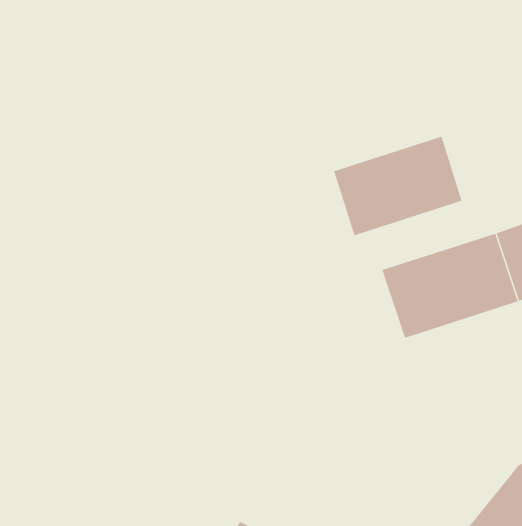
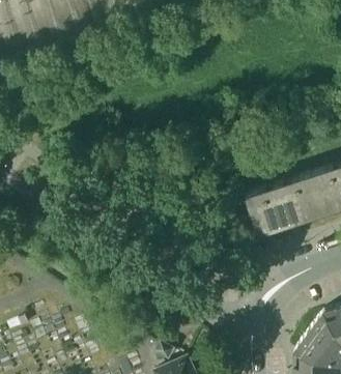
building: [334,136,462,236] -> none

